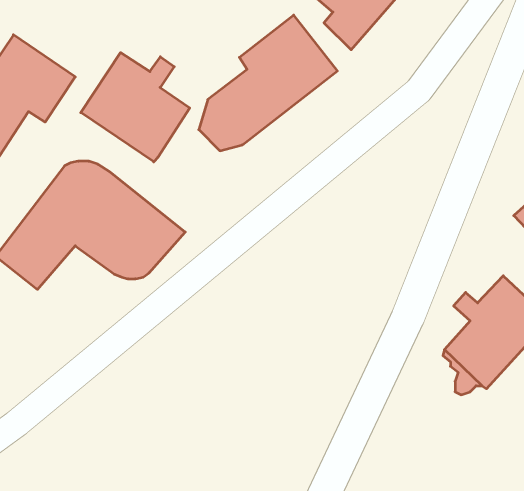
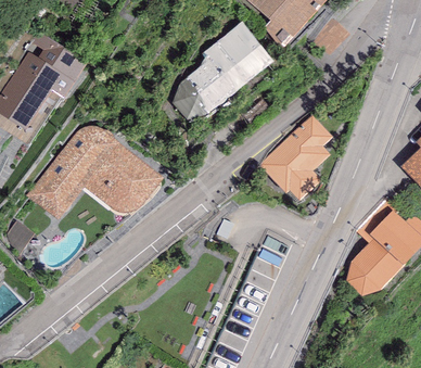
building: [81,53,190,162] -> none
building: none -> [259,114,334,204]

